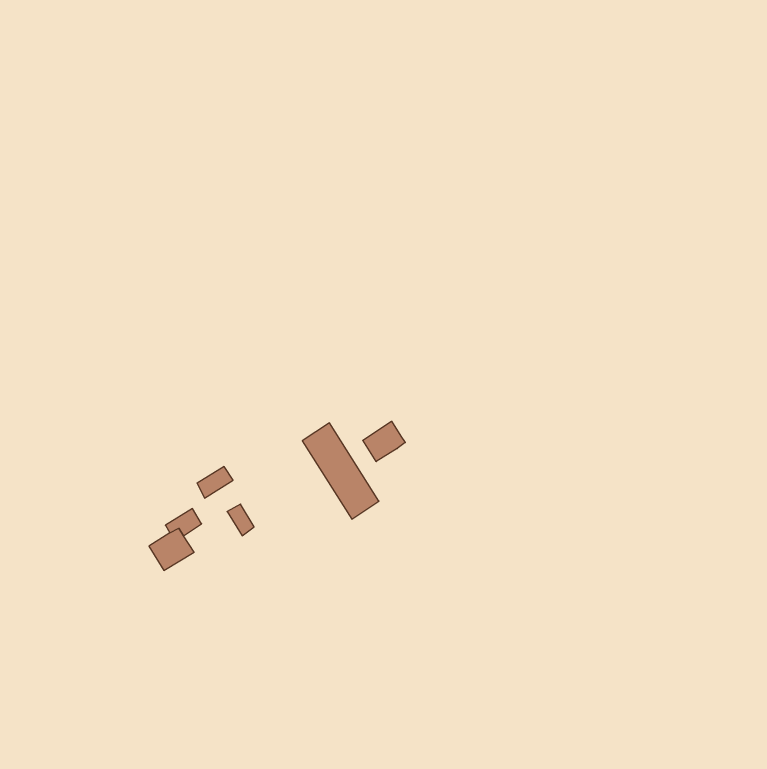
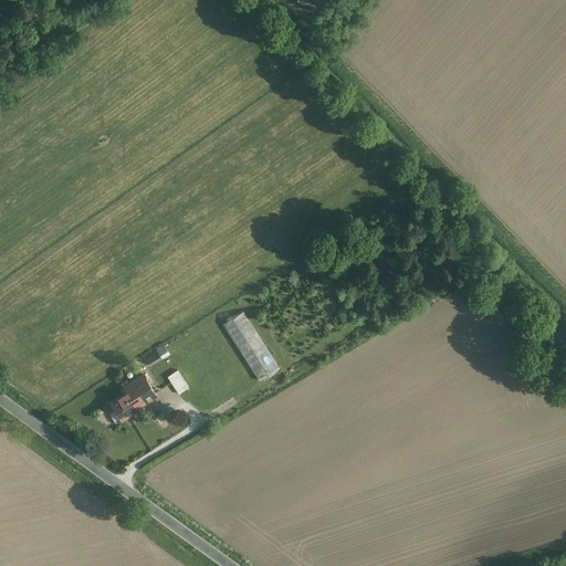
building: [363,421,405,462] -> none

